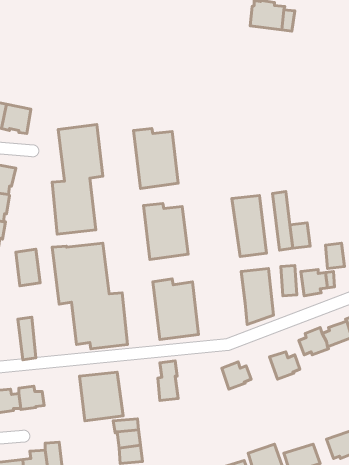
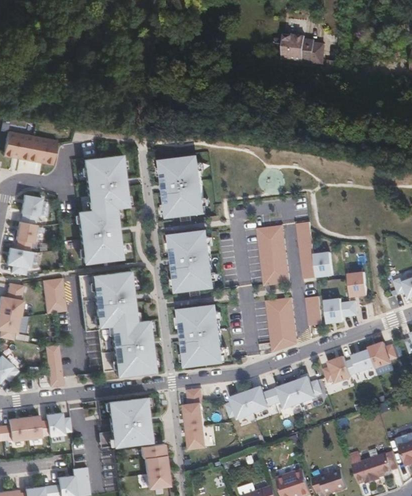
building: none -> [271,384,302,411]
building: none -> [226,395,254,422]
building: none -> [186,425,206,449]

